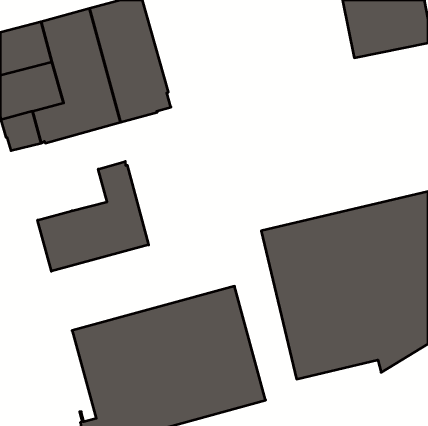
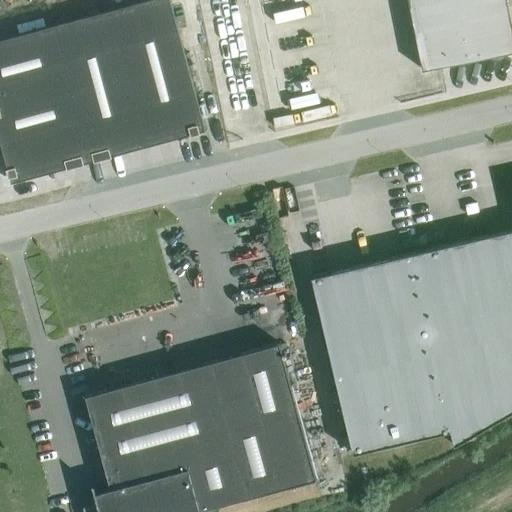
building: [38,161,149,271] -> none

